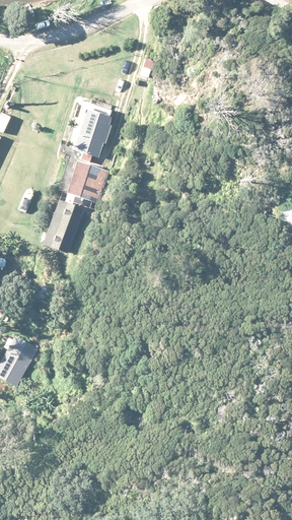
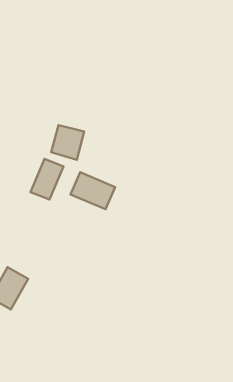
building: [71,109,113,156] -> none
building: none -> [71,172,115,209]

